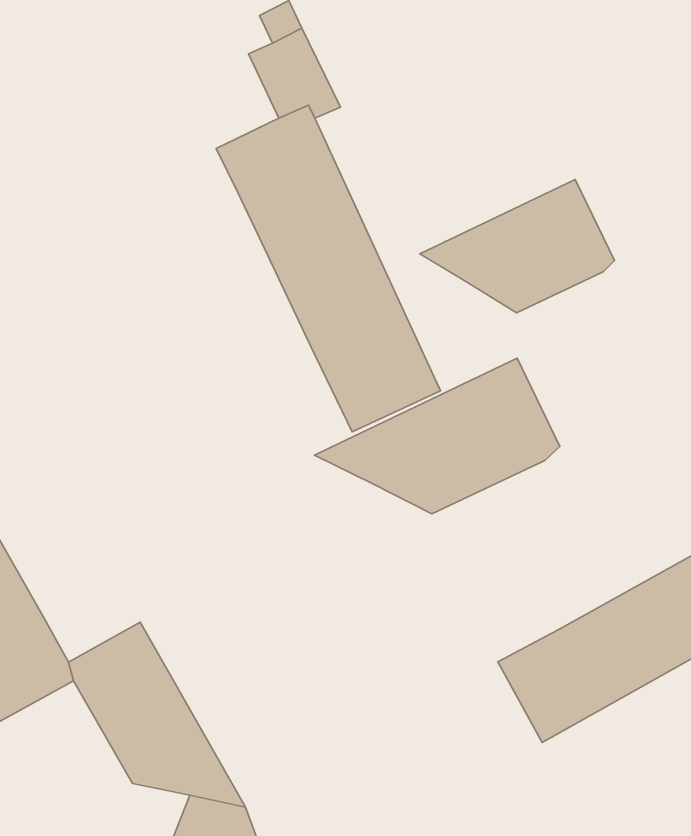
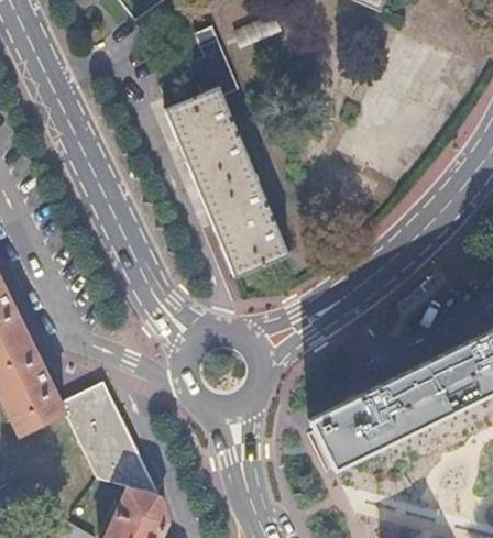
building: [420,179,614,313] -> none
building: [314,358,560,514] -> none

